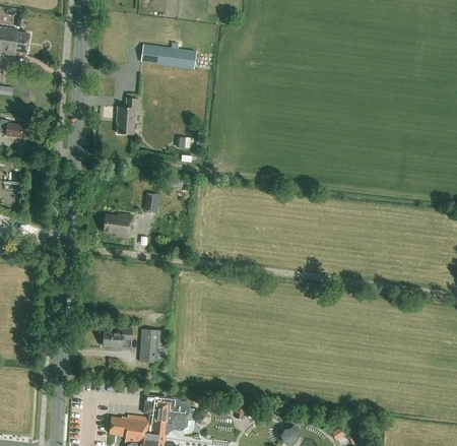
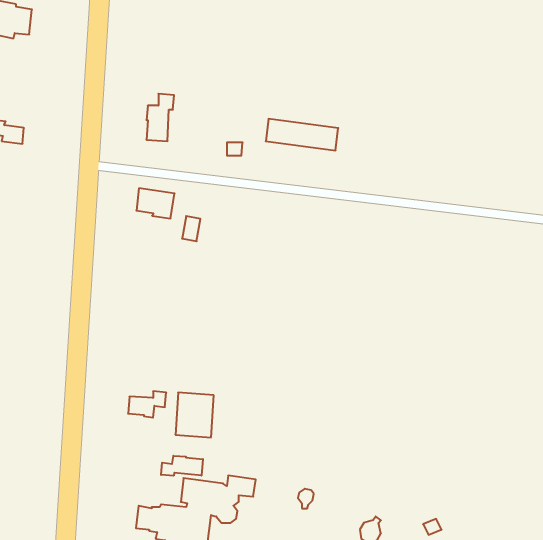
building: [140,44,196,68] -> [266,119,338,150]
building: [103,213,132,237] -> [136,188,175,218]
building: none -> [161,456,203,476]

